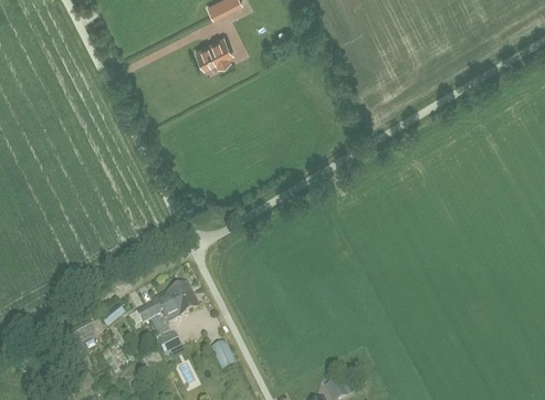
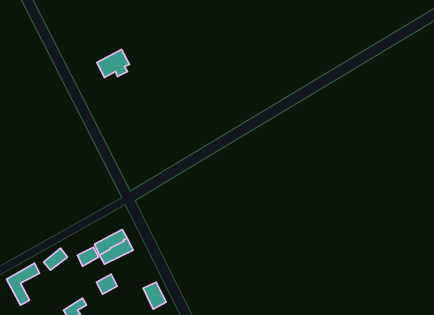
building: [195,35,231,66] -> [97,50,130,77]

